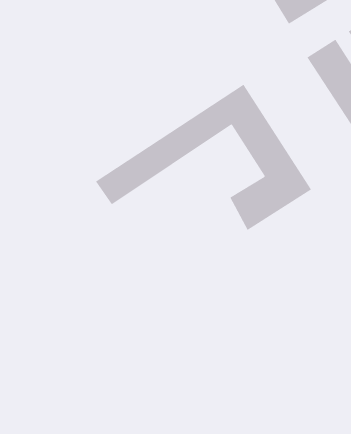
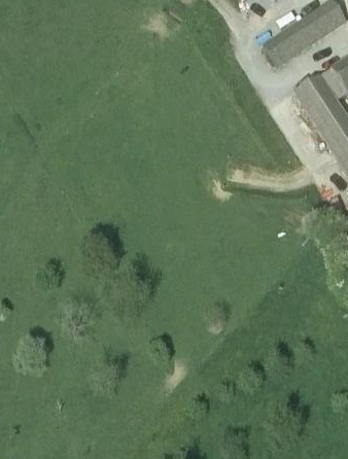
building: [95,84,312,231] -> none

